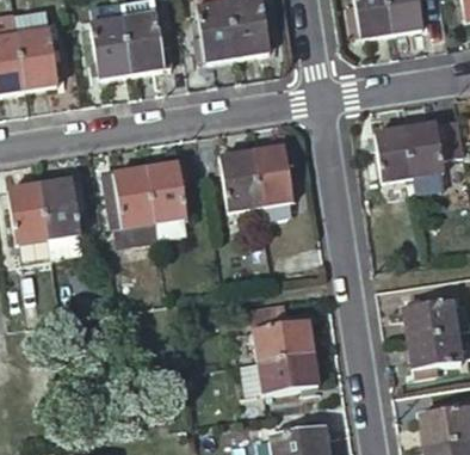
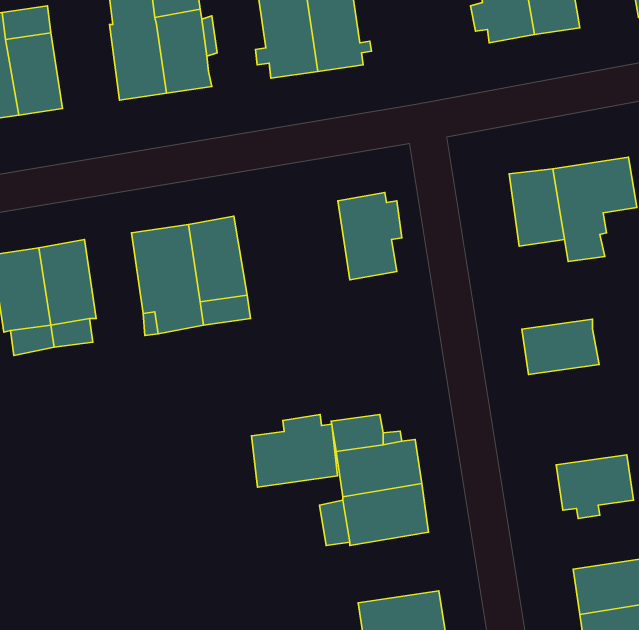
building: [219,149,261,210] -> none
building: [403,297,458,337] -> [522,319,599,375]
building: none -> [252,414,338,487]

